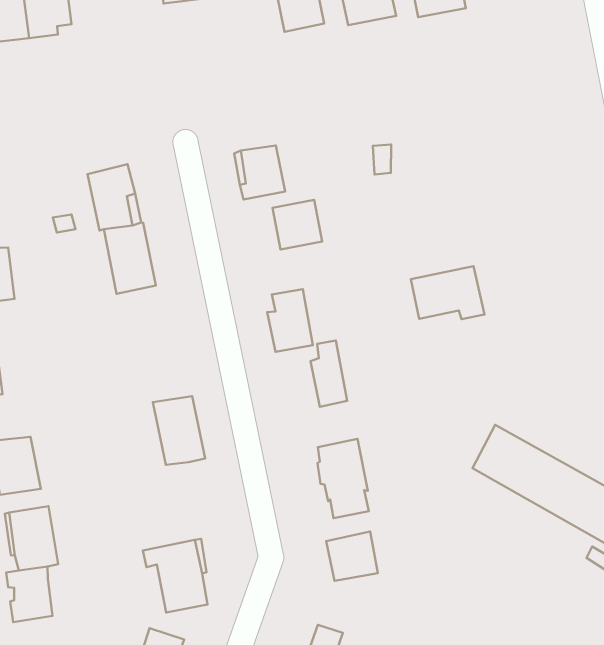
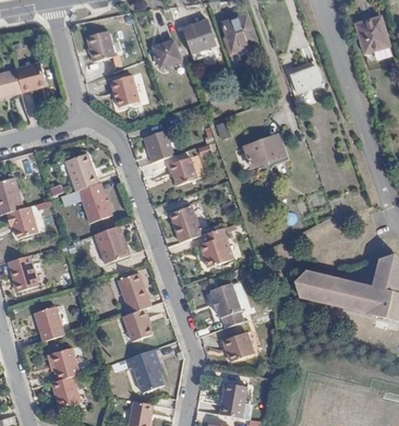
building: none -> [110,75,140,108]
building: none -> [290,66,321,94]
building: [411,266,484,319] -> [243,135,286,168]
building: none -> [95,226,129,263]
building: none -> [122,308,152,340]

